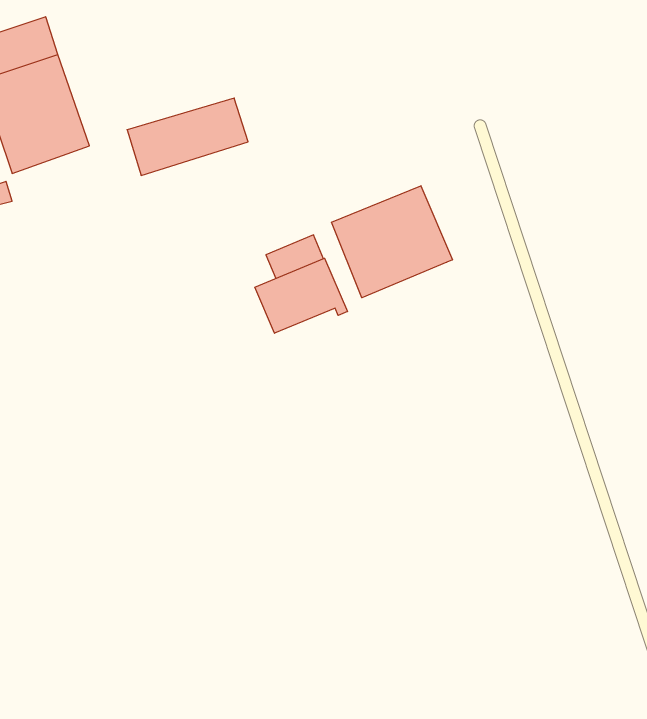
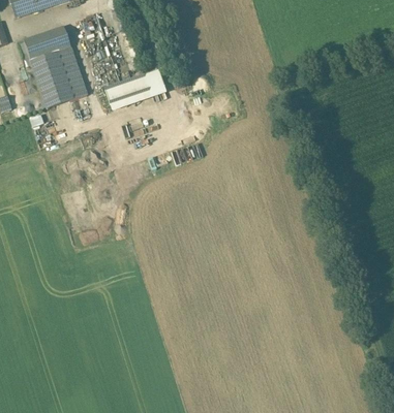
building: [332,186,452,298] -> none
building: [255,258,347,333] -> none

